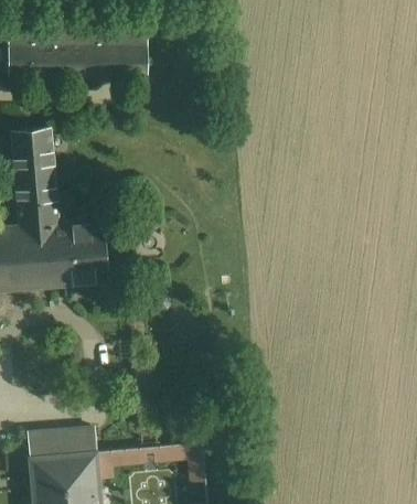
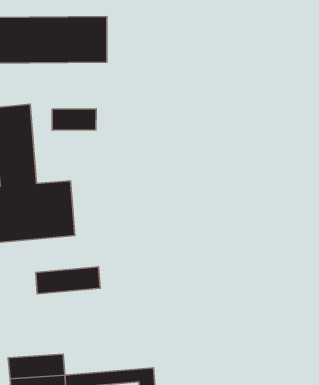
building: none -> [52,109,96,130]
building: none -> [36,267,100,294]

